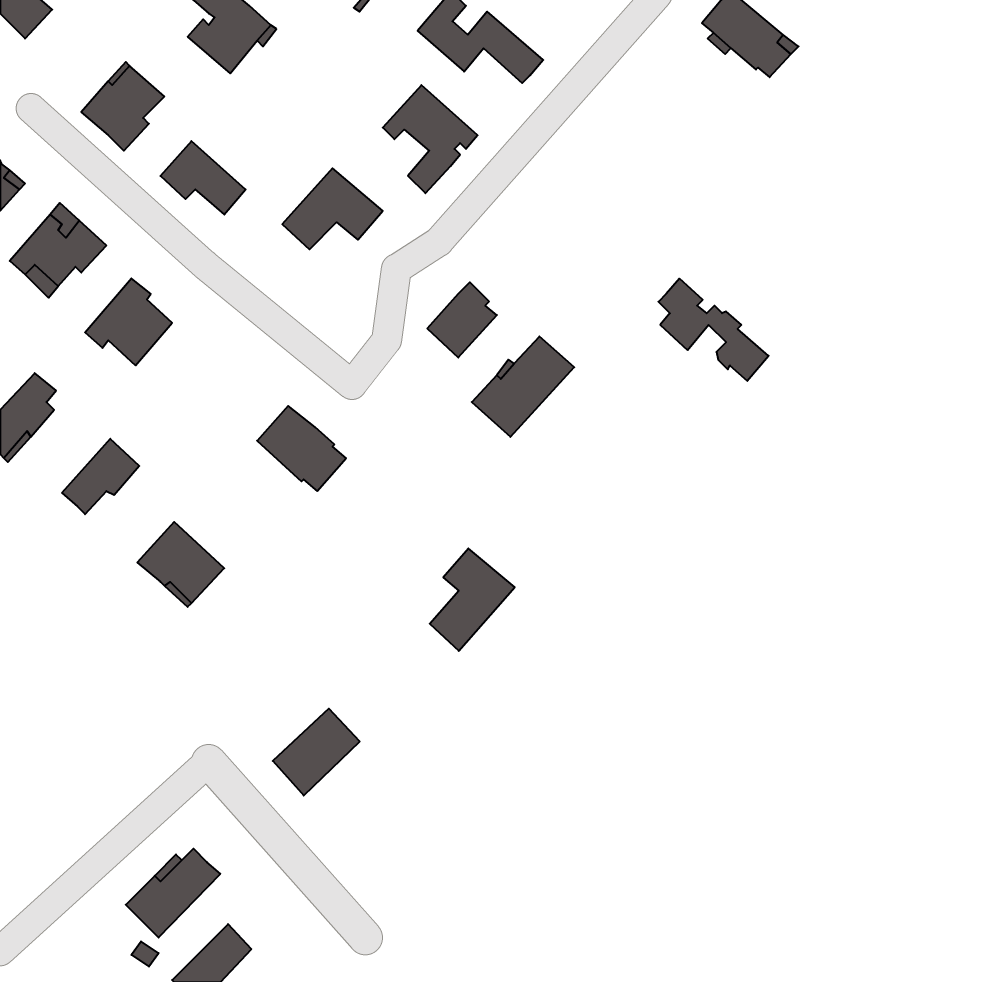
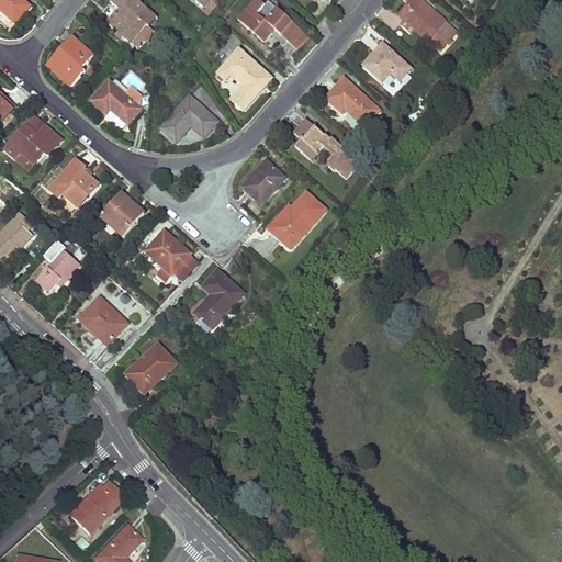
building: none -> [363,43,411,81]
building: none -> [326,78,379,124]
building: [658,279,769,381] -> [294,119,357,177]
building: none -> [101,191,143,234]
building: [430,548,515,651] -> [195,270,244,328]
building: [273,709,360,796] -> [126,344,176,393]

